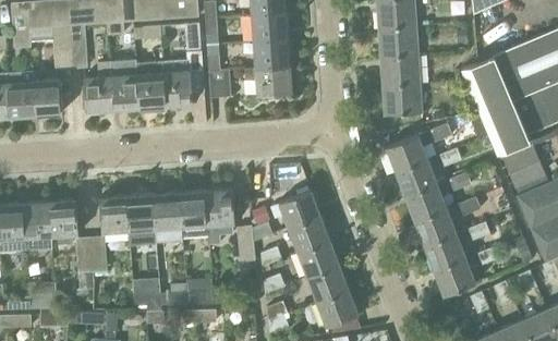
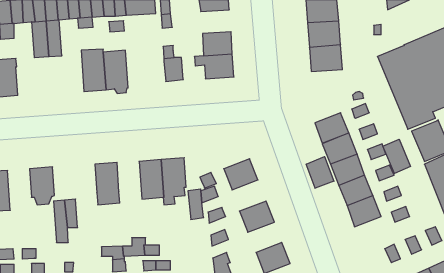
building: [252,14,288,42] -> none
building: [162,24,204,107] -> none
building: [84,62,113,112] -> none
building: [33,81,62,115] -> none
building: [383,85,422,117] -> none
building: none -> [383,139,411,173]
building: none -> [306,157,334,188]
building: [153,194,182,243] -> none
building: [99,197,129,233] -> none
building: [23,203,51,252] -> none
building: [289,216,329,253] -> none
building: [434,259,475,296] -> none
building: [307,266,348,302] -> none

